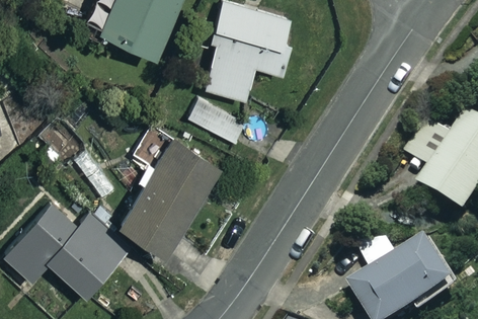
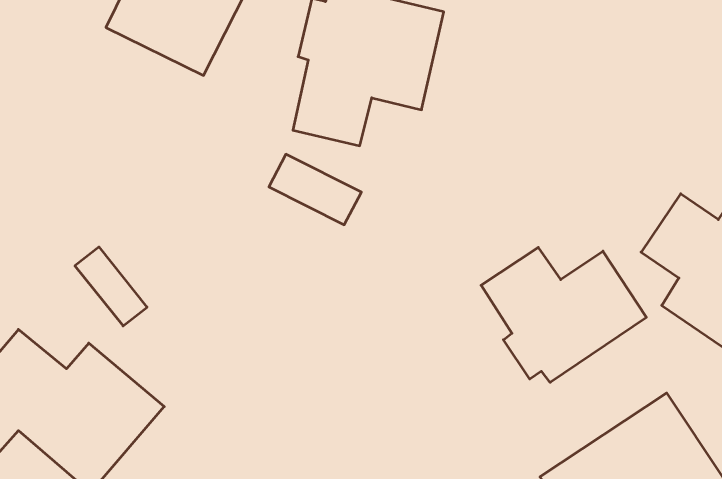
building: [116,126,223,252] -> none
building: none -> [481,247,646,382]

